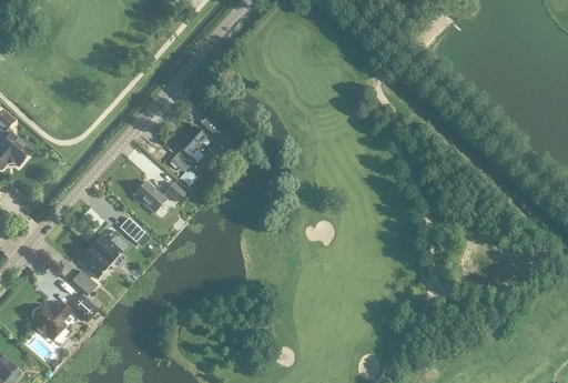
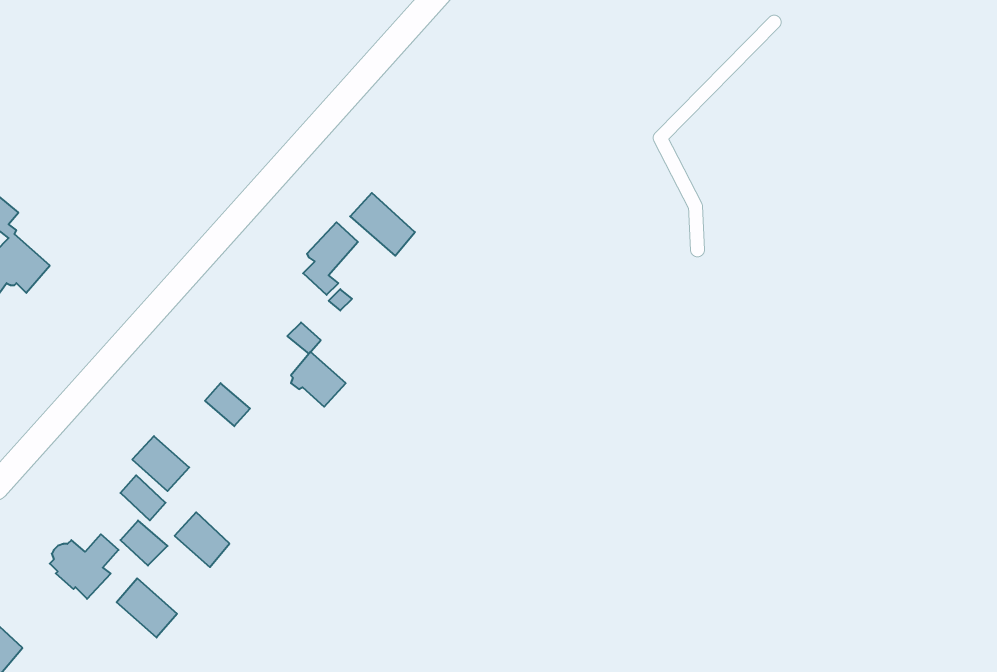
building: [134,181,165,212] -> [291,352,346,407]
building: [90,234,121,265] -> [175,512,229,567]
building: none -> [117,578,177,638]

